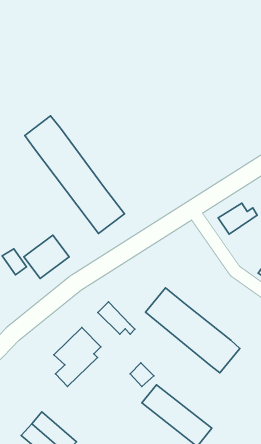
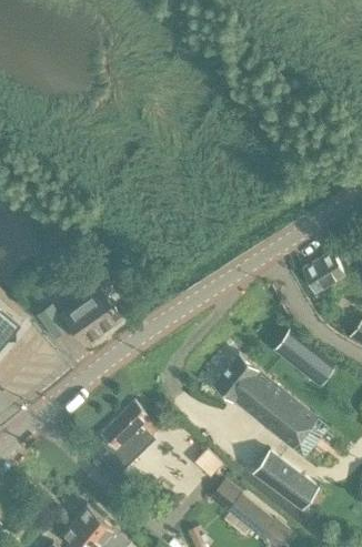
building: [25,116,124,233] -> none
building: none -> [274,328,335,386]
building: [98,302,135,334] -> none
building: none -> [254,452,318,509]

